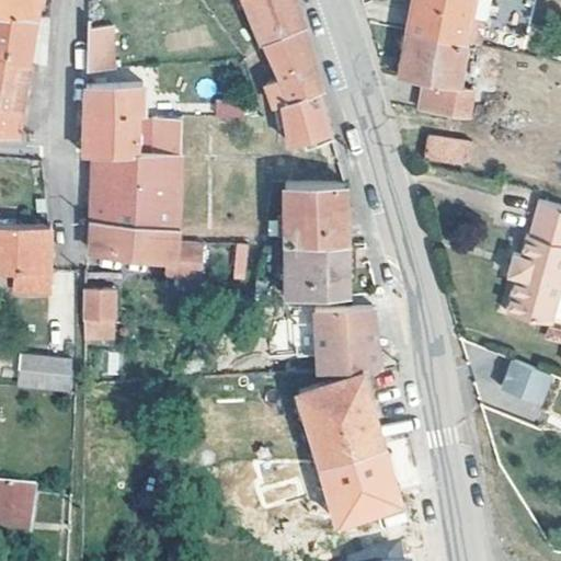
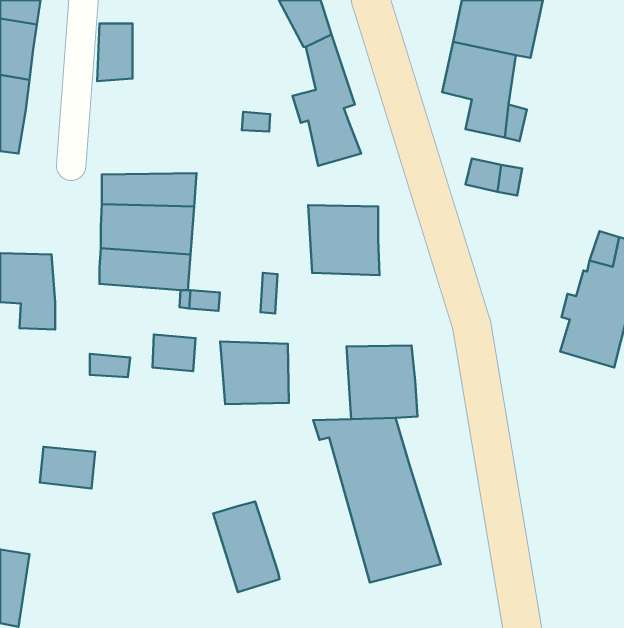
building: [84,88,179,156] -> none
building: [282,243,343,299] -> [220,342,289,404]
building: [83,286,122,319] -> [153,334,196,371]
building: [19,355,68,392] -> [40,447,95,489]
building: [497,363,547,407] -> none
building: none -> [213,502,279,592]

